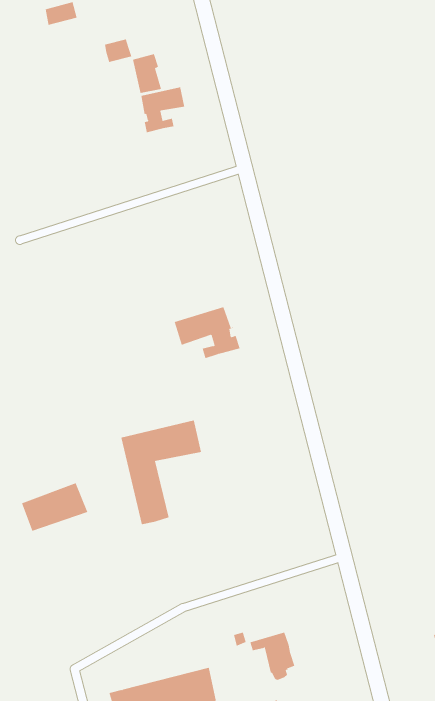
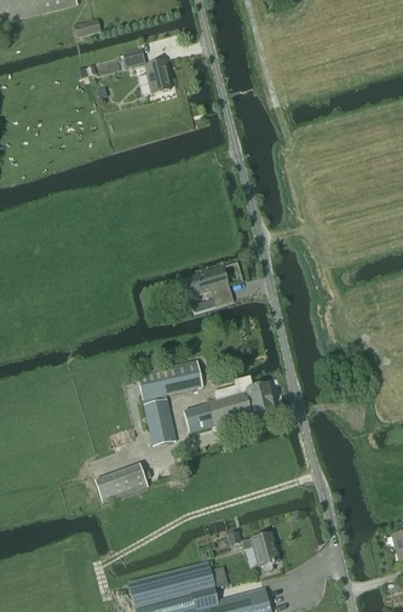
building: [138,87,185,133] -> none
building: none -> [184,374,276,431]
building: [21,483,88,531] -> [94,463,149,503]

